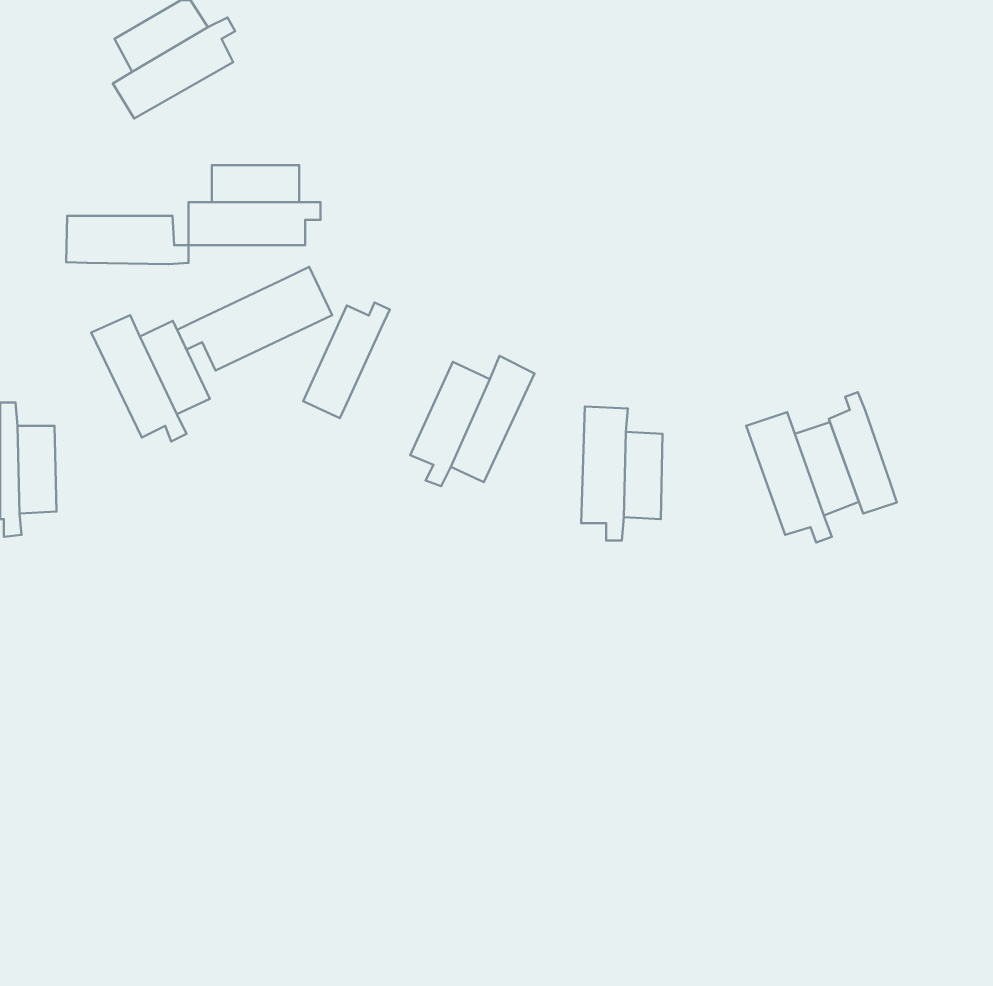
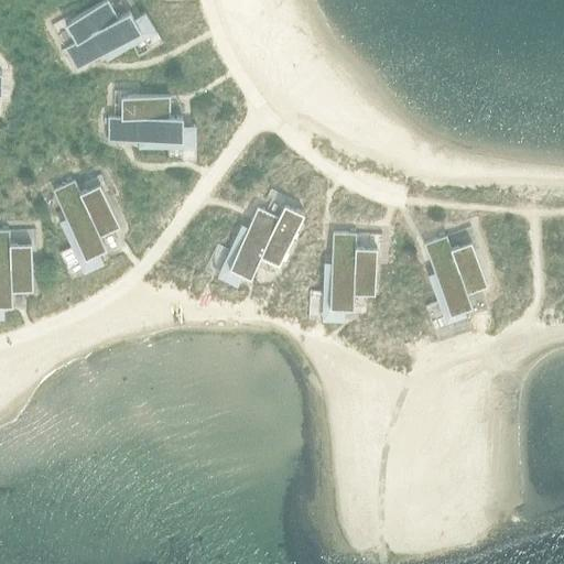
building: [66,216,188,264] -> none
building: [177,267,332,371] -> none
building: [303,303,390,418] -> none
building: [829,392,897,514] -> none

